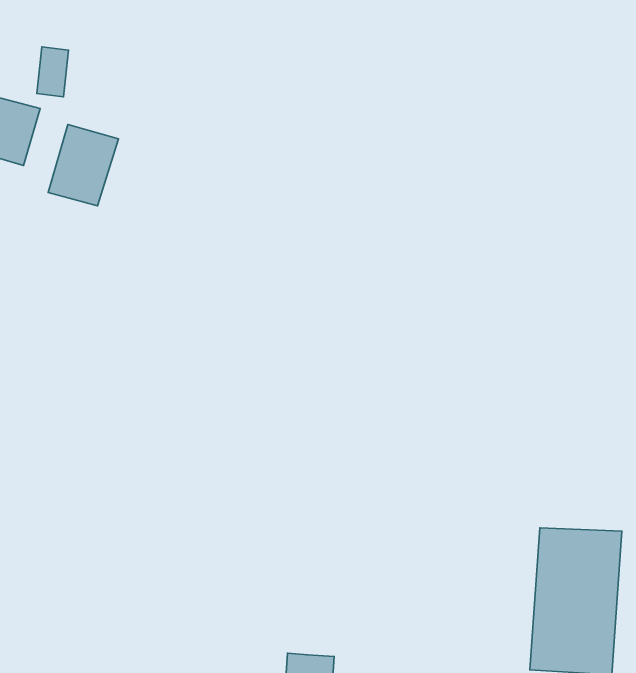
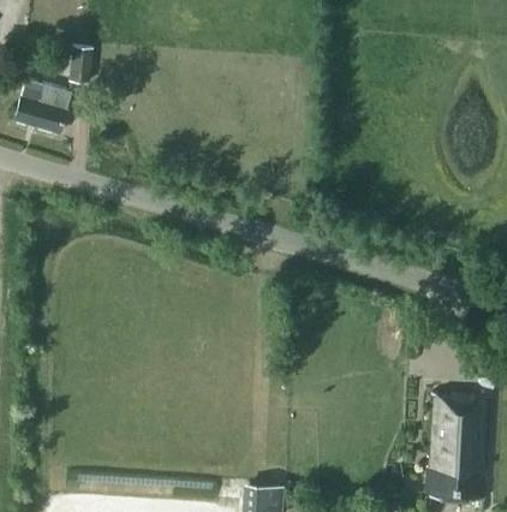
building: [48,124,118,206] -> none

